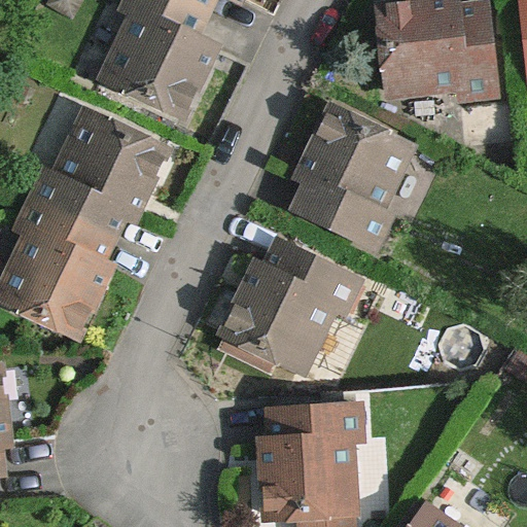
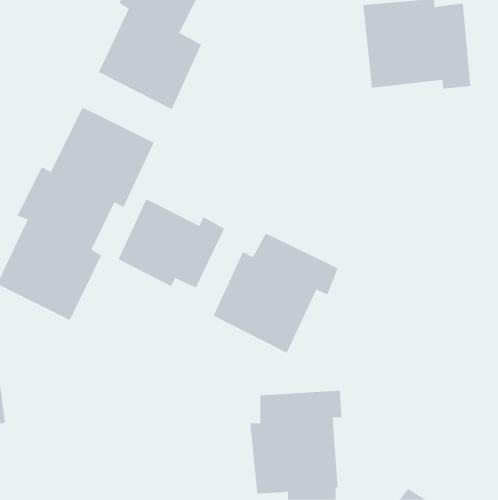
building: [293,109,406,243] -> none
building: none -> [118,199,225,288]

